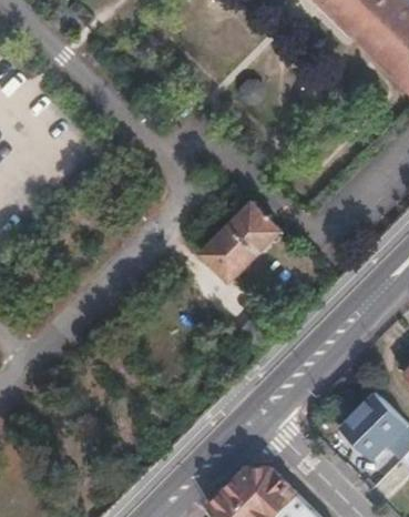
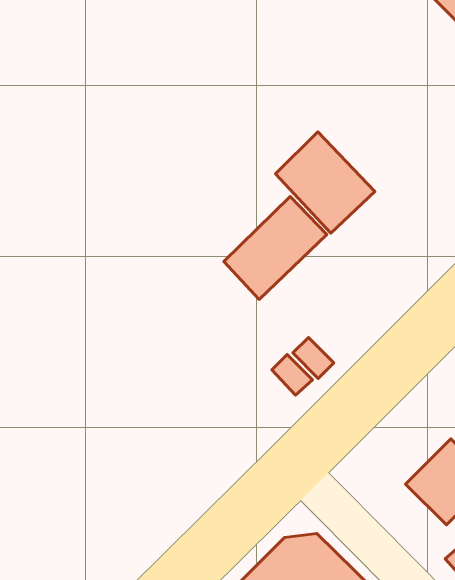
building: none -> [275,132,375,233]

